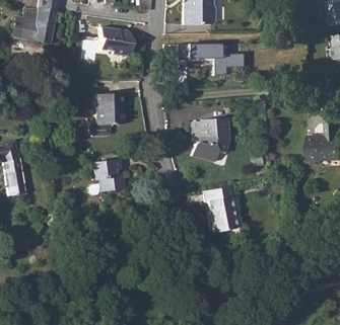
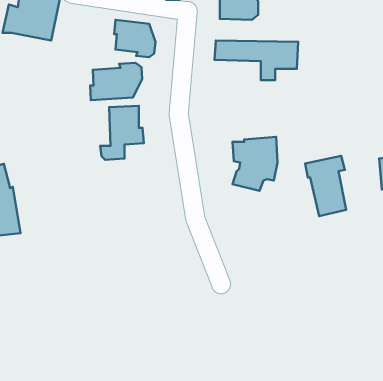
building: none -> [90,63,142,100]
building: [89,159,126,194] -> none
building: [206,184,239,232] -> [305,156,346,216]

